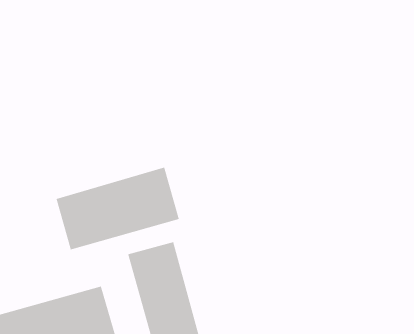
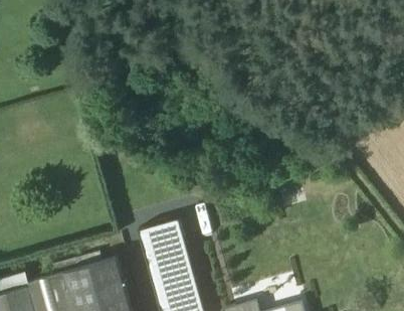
building: [56,167,180,250] -> none

